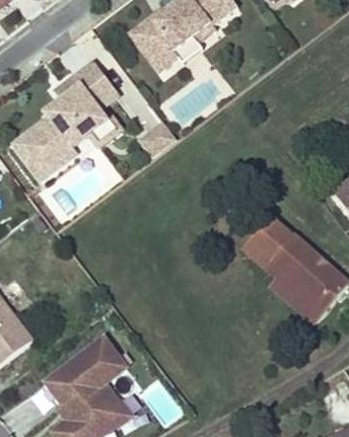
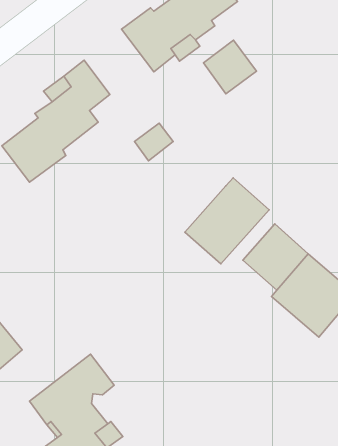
building: none -> [204,40,257,94]
building: none -> [185,178,269,264]

